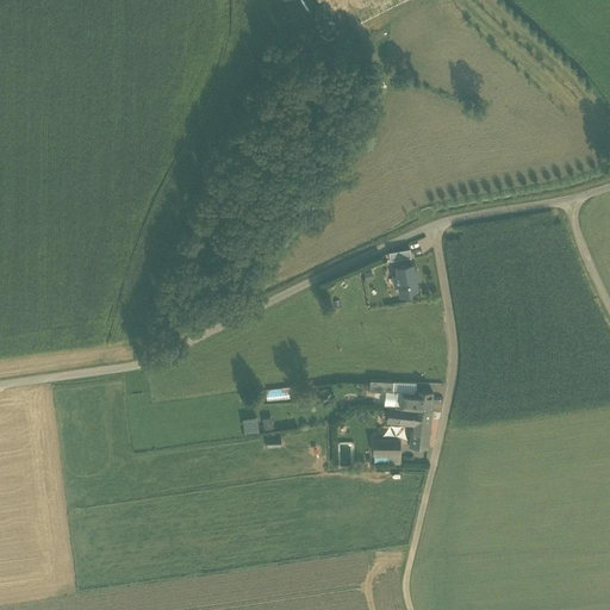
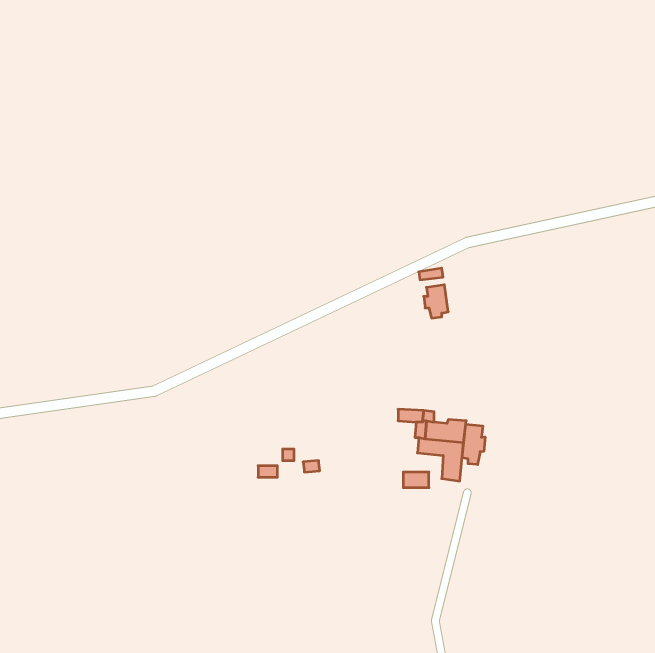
building: none -> [462,424,485,465]

